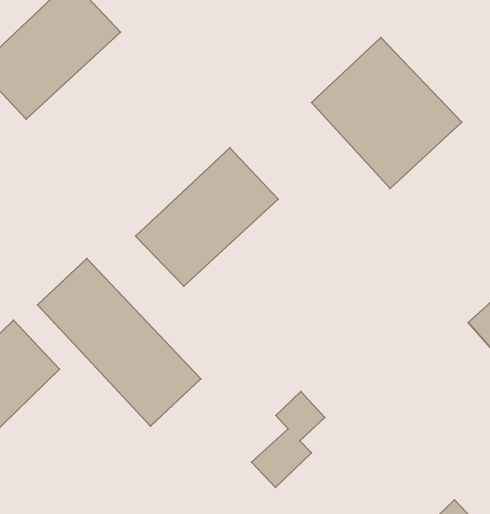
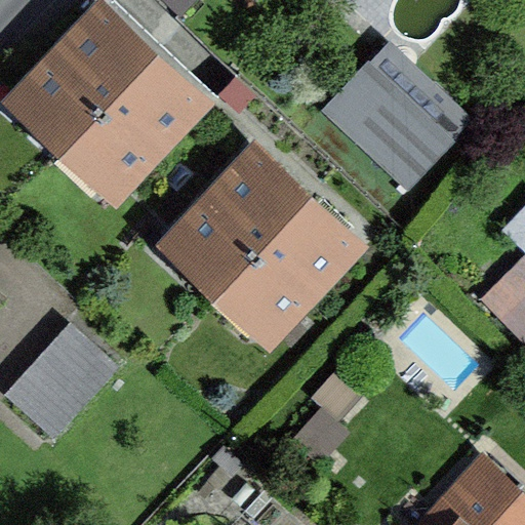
building: none -> [69,54,196,184]
building: none -> [223,198,351,327]
building: [37,259,201,426] -> none

